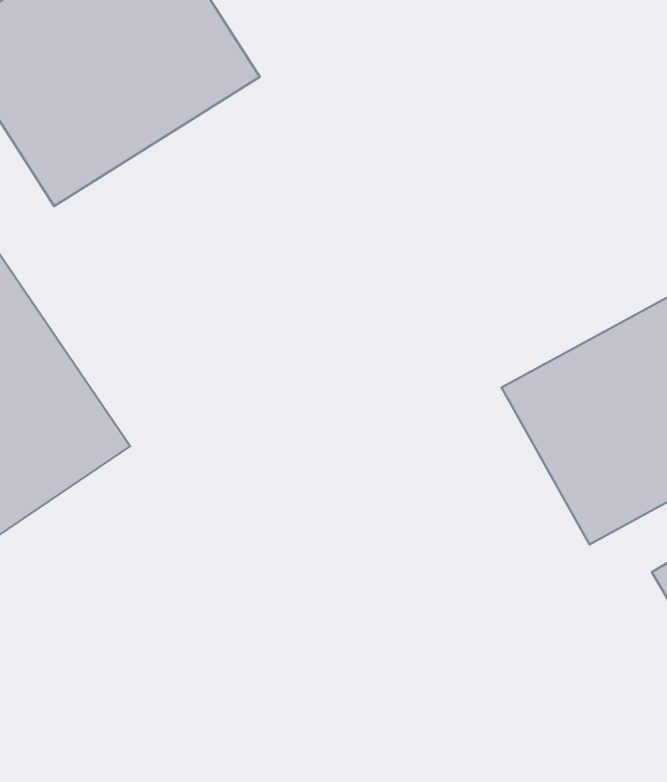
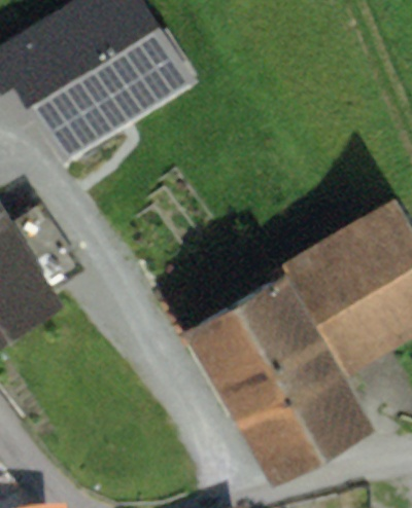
building: none -> [218,289,366,472]

